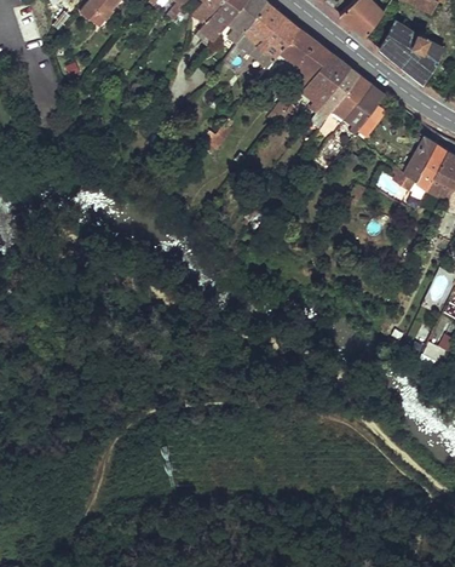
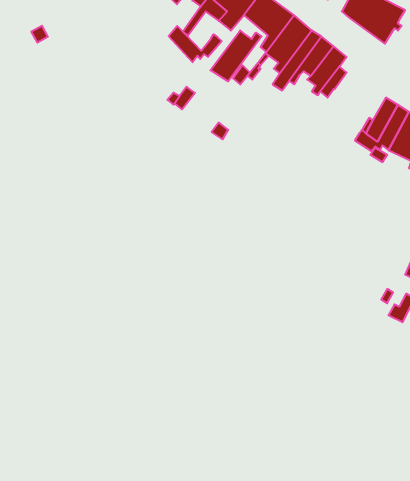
building: none -> [169,26,222,62]
building: none -> [210,30,262,81]

